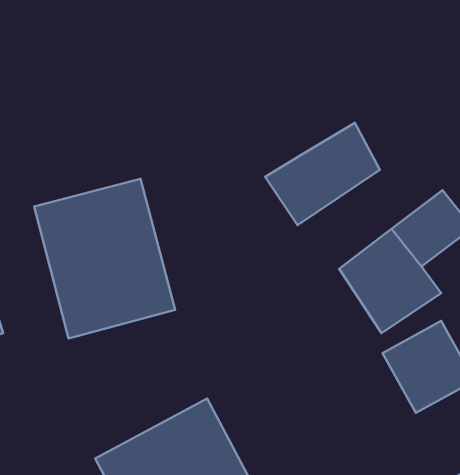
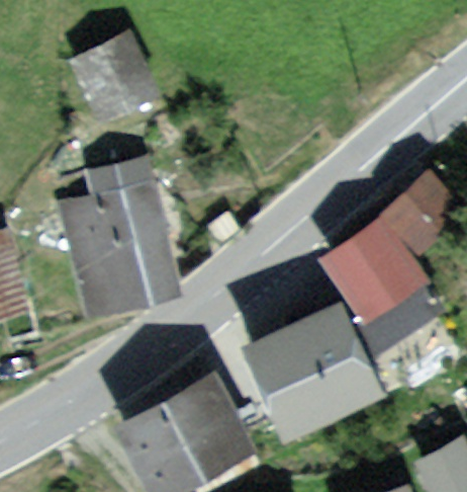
building: none -> [63,22,169,127]
building: [265,123,380,225] -> none
building: none -> [248,298,384,435]

